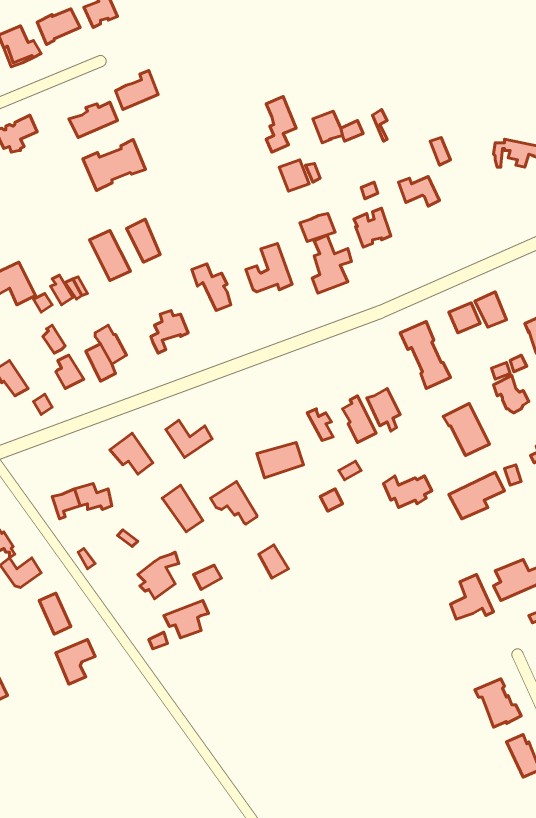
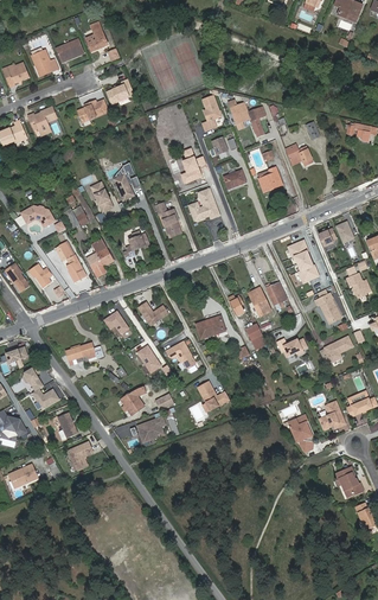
building: [83,139,145,190] -> none
building: [312,235,351,293] -> [180,147,205,184]
building: none -> [287,414,313,451]

